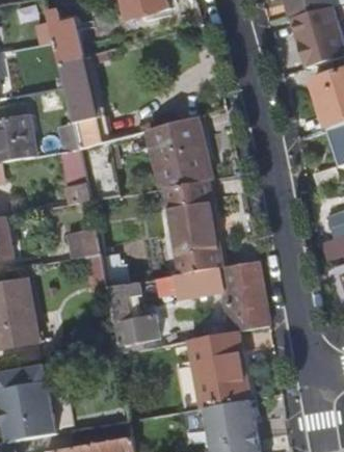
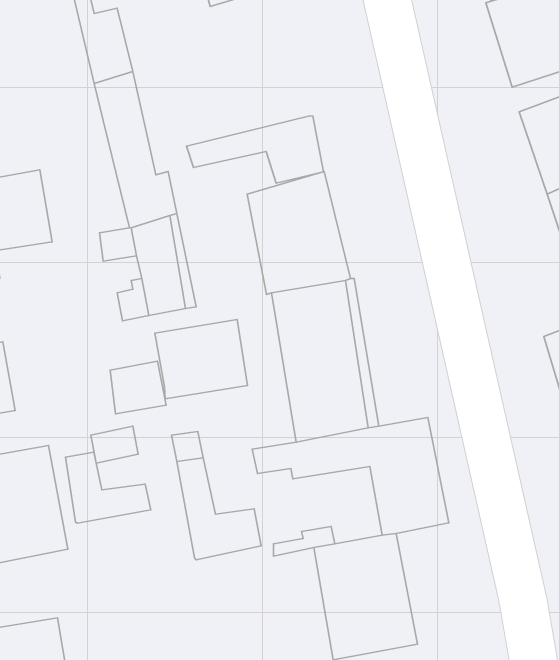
building: none -> [187,116,323,183]
building: none -> [155,319,247,399]
building: none -> [66,452,151,523]

